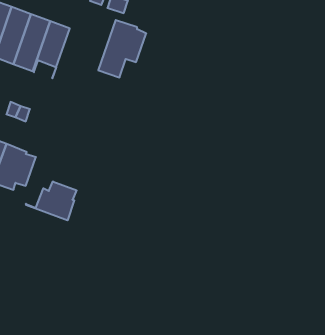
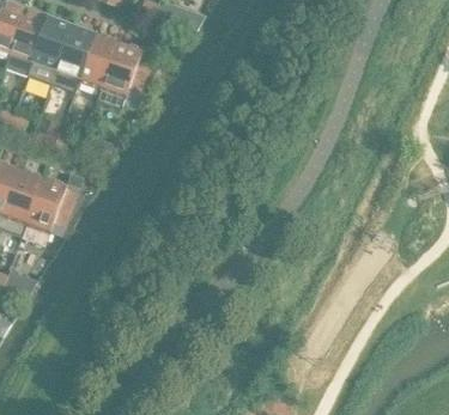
building: [98,20,146,77] -> [96,41,152,108]
building: [26,181,77,220] -> none

